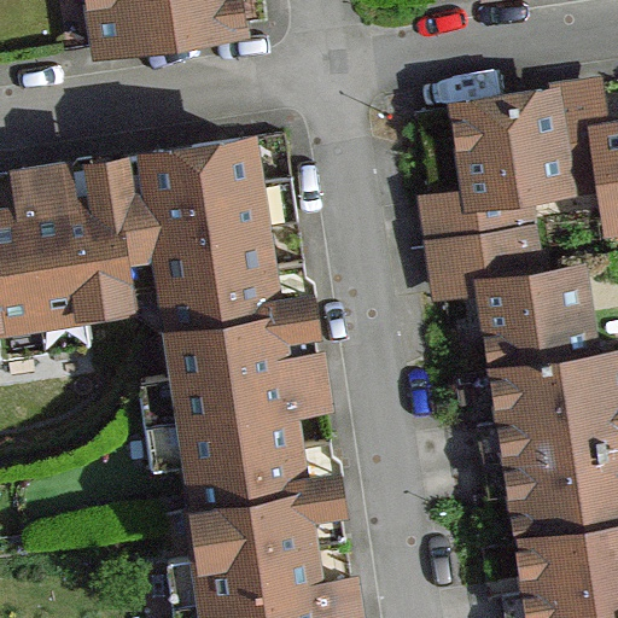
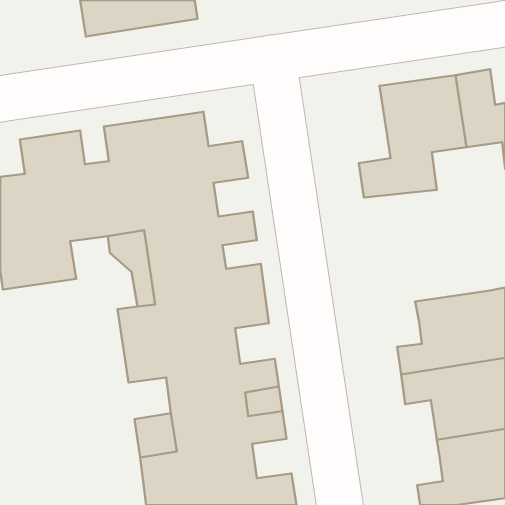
building: [444,232,599,368] -> none

